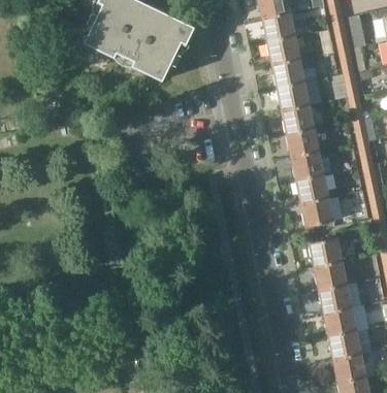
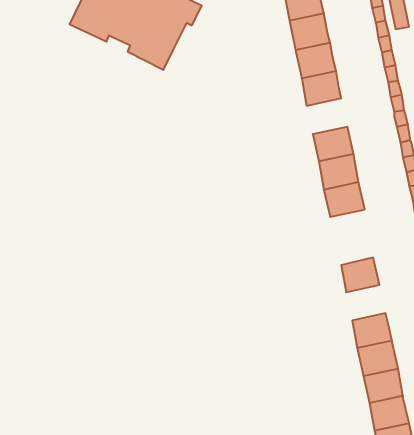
building: [282,104,316,134] -> none
building: [301,197,334,227] -> none
building: [315,260,348,290] -> none

